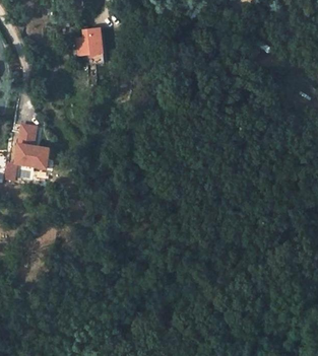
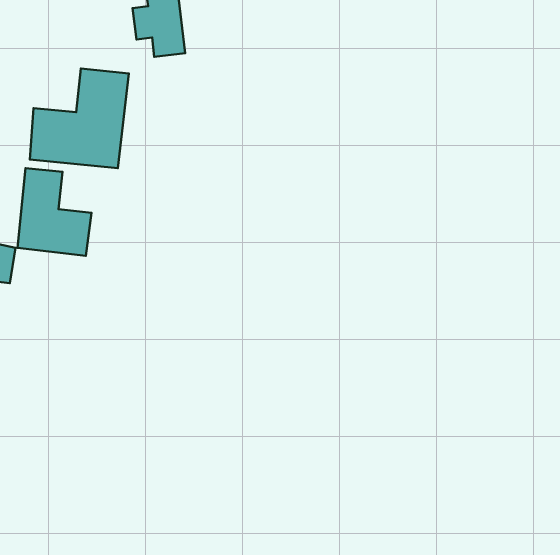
building: none -> [30,68,129,168]

